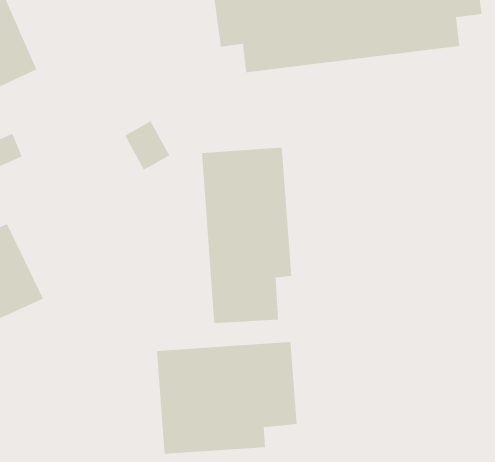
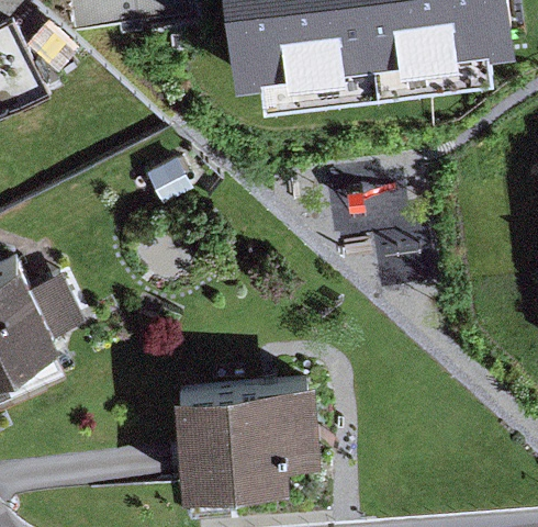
building: [202,147,292,324] -> none

